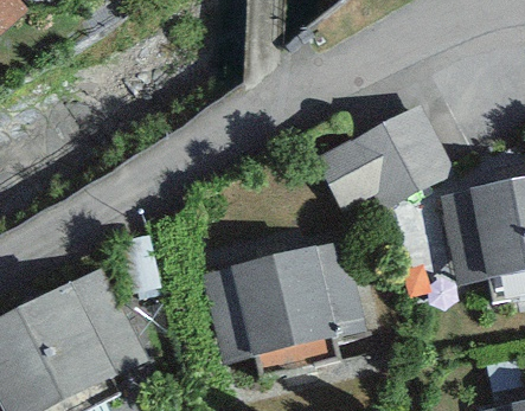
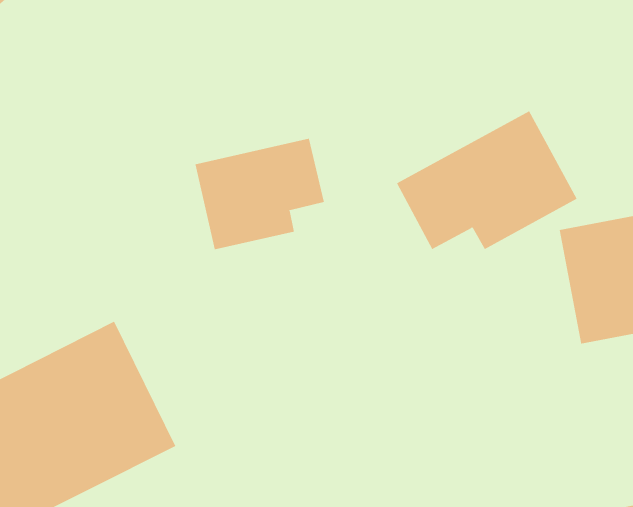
building: none -> [195,138,325,250]
building: [200,242,359,365] -> none

